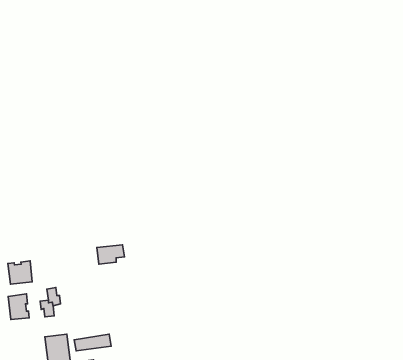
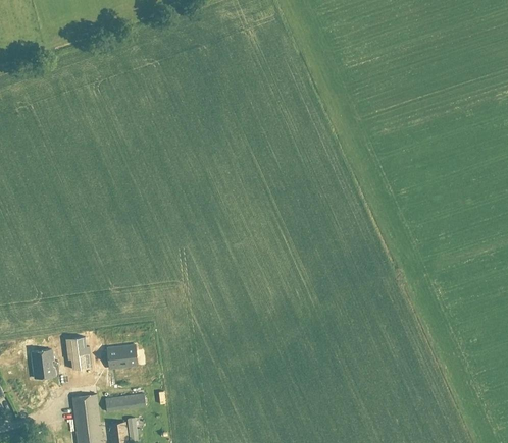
building: [97,245,124,264] -> [107,344,138,366]
building: [8,261,32,284] -> none

